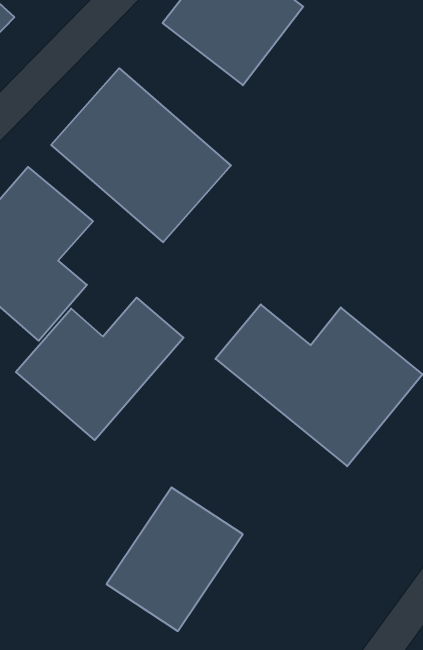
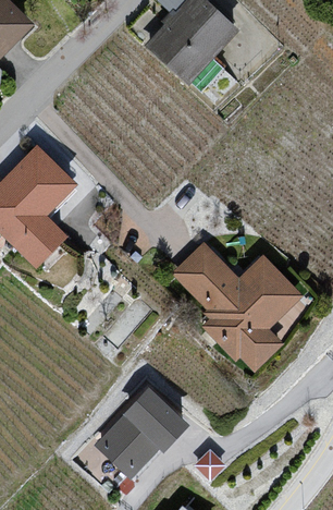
building: [51,68,231,242] -> none
building: [16,298,184,440] -> none

